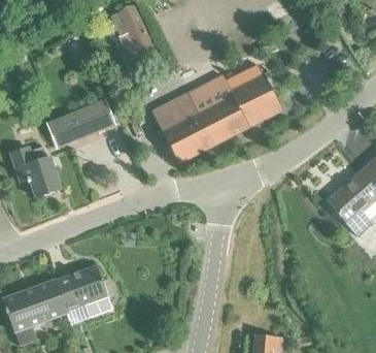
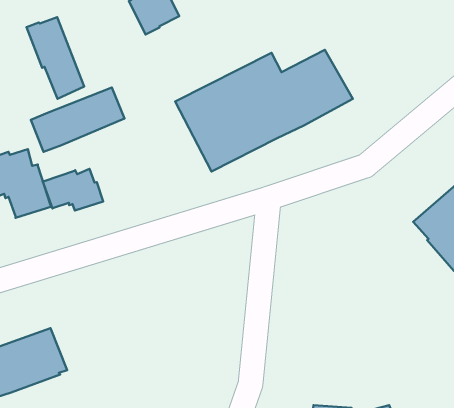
building: none -> [26,17,84,99]
building: none -> [43,169,103,211]
building: [60,264,113,316] -> none

